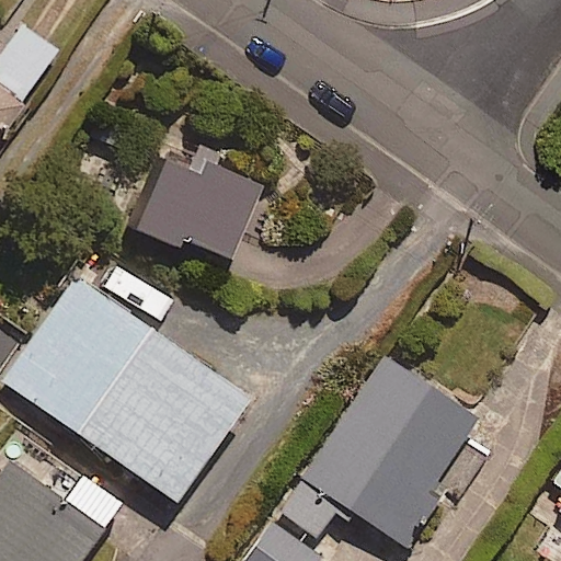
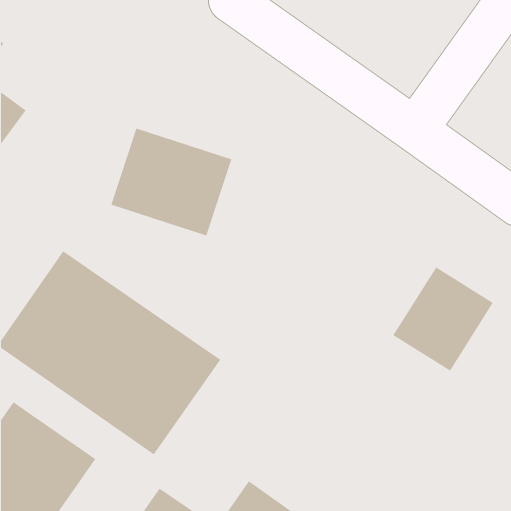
building: none -> [393,266,493,371]
building: [283,358,476,549] -> none

